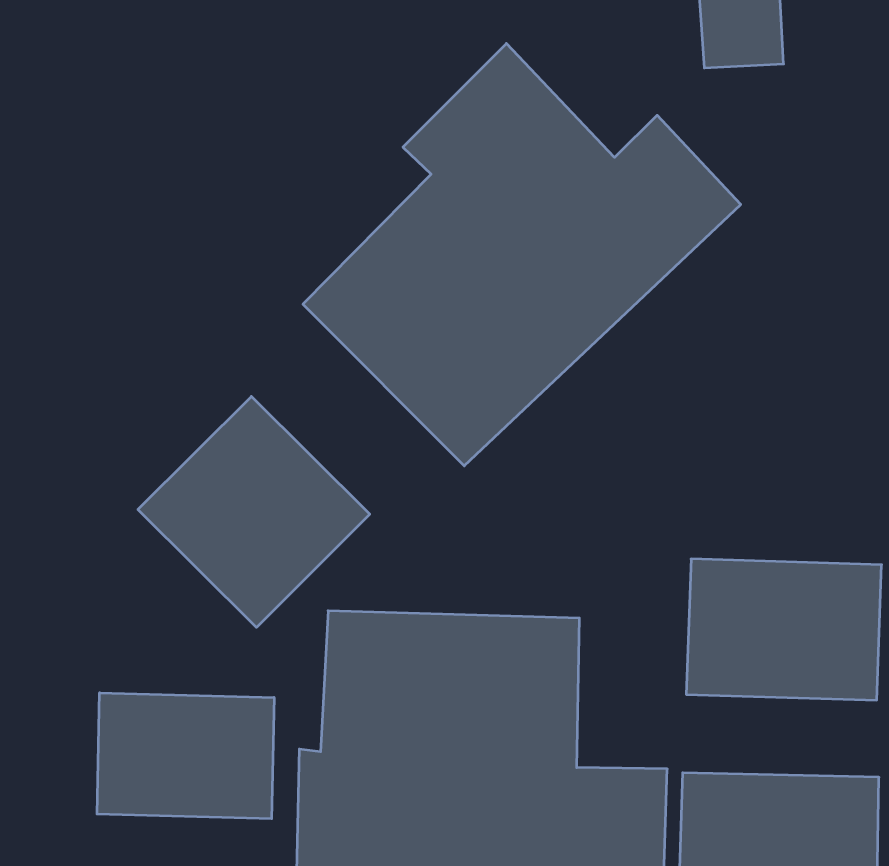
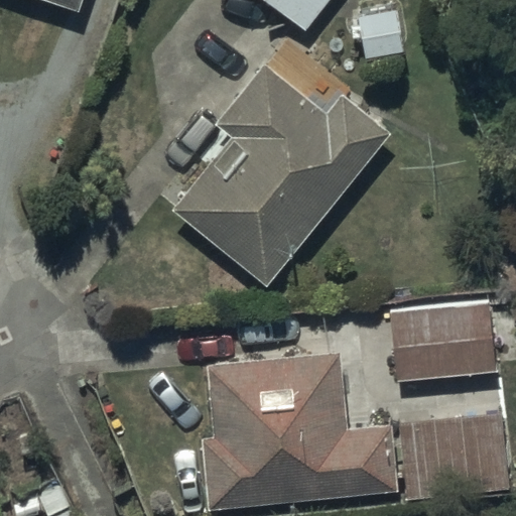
building: [138,396,370,627] -> none
building: [97,693,274,819] -> none

